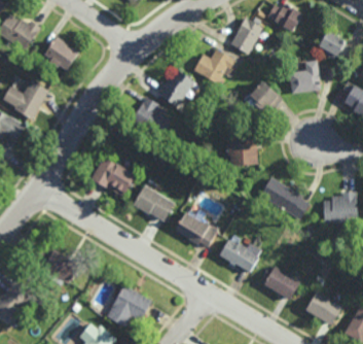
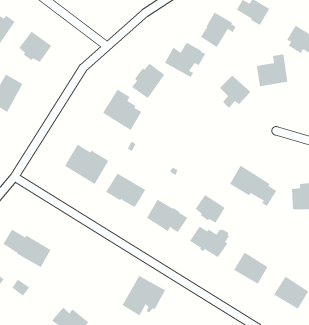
building: [226,131,260,165] -> none
building: none -> [195,194,225,223]
building: [106,284,151,326] -> [122,275,166,316]

